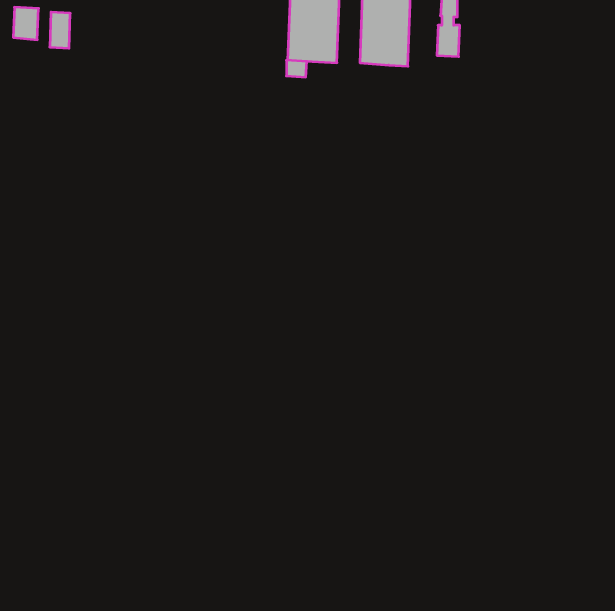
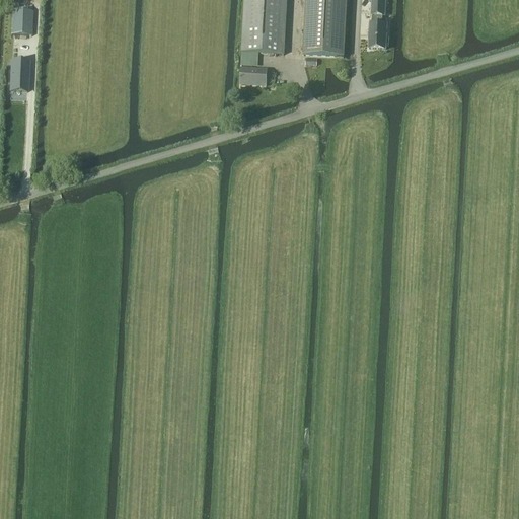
building: [50,12,70,48] -> [9,57,26,87]
building: none -> [240,67,267,85]

